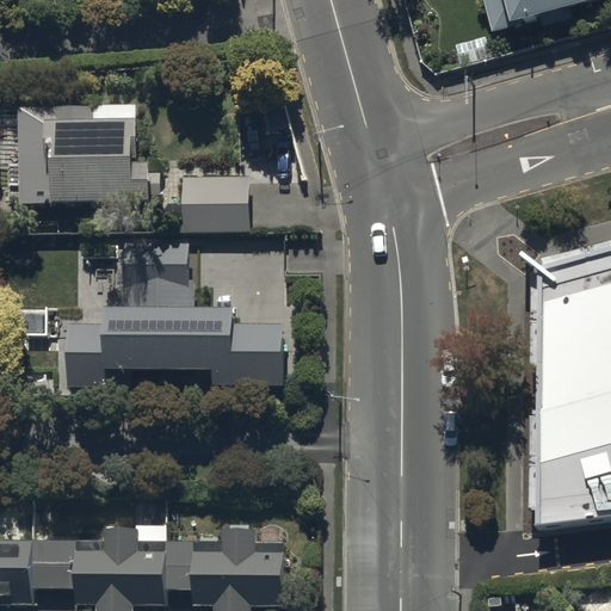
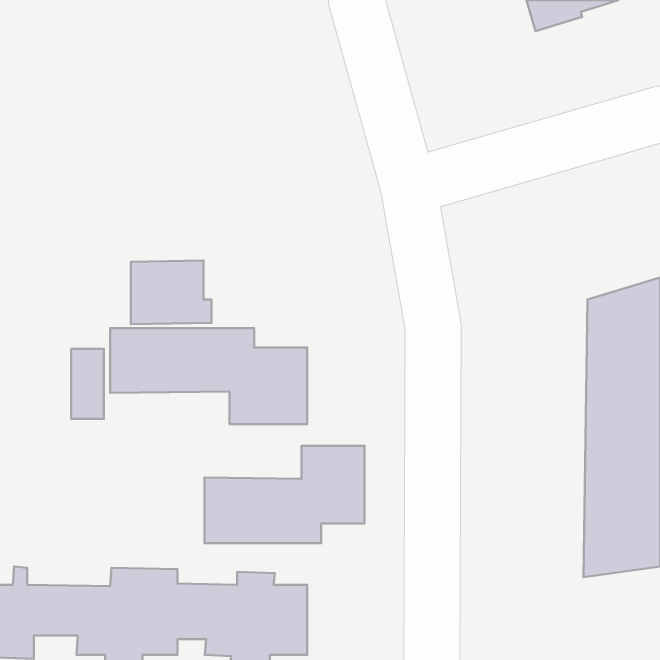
building: [17,106,160,203] -> none
building: [181,178,252,234] -> none
building: none -> [205,446,364,543]

